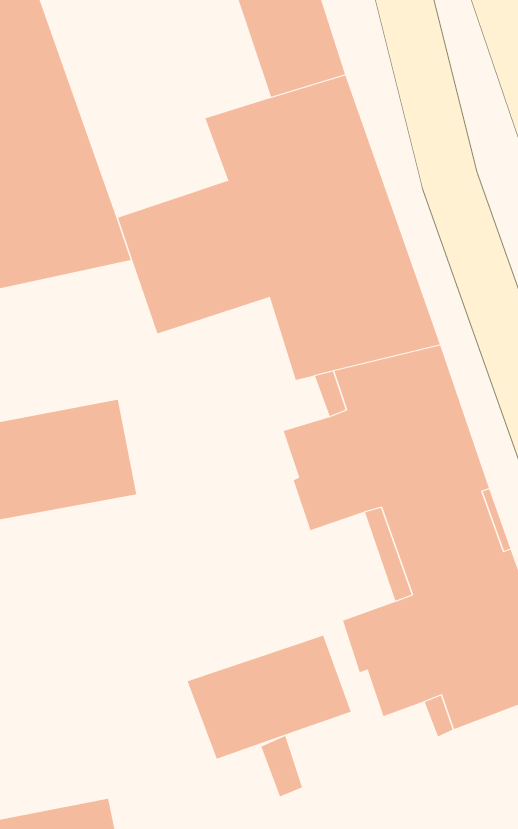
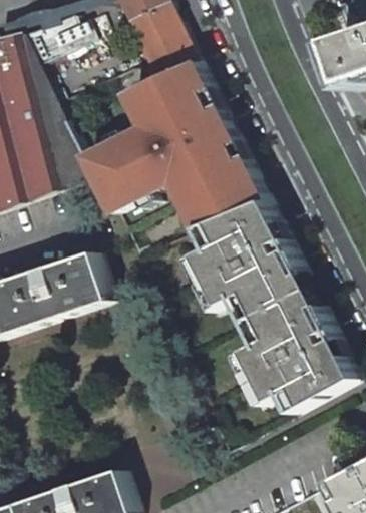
building: [187,635,352,760] -> none

